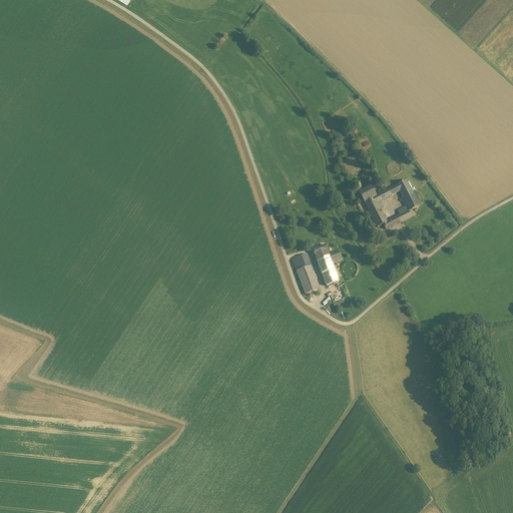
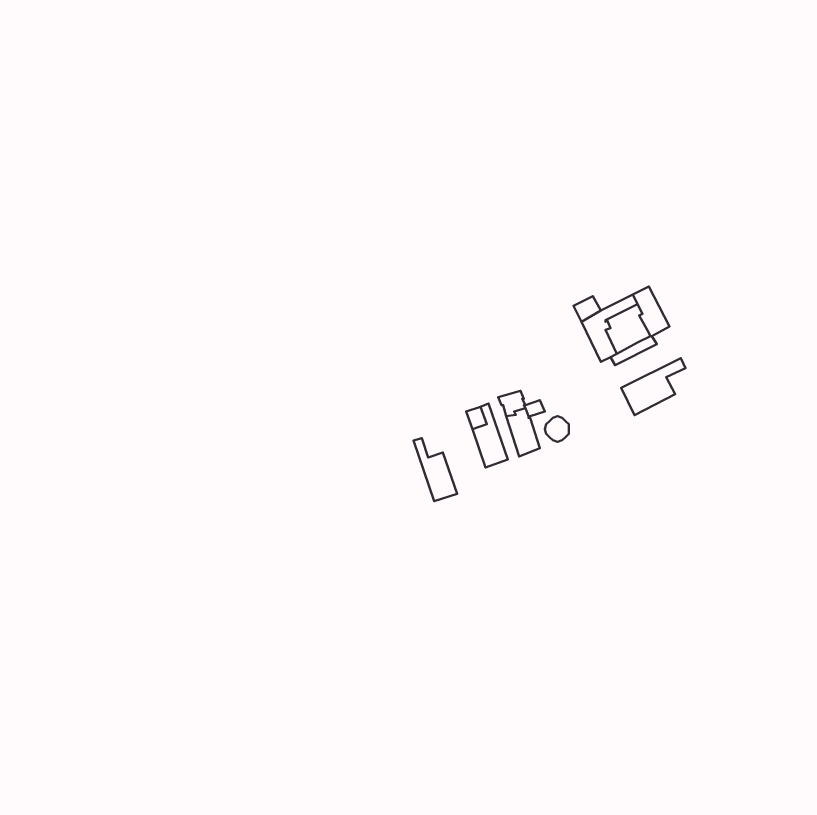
building: none -> [621,358,685,415]
building: none -> [413,438,457,501]

